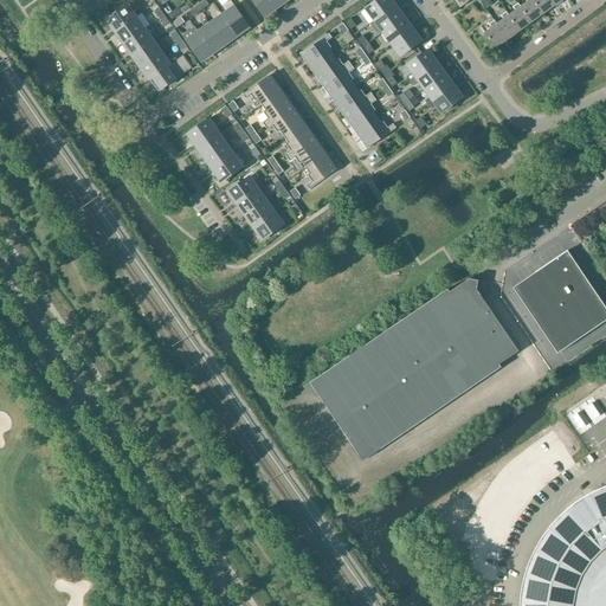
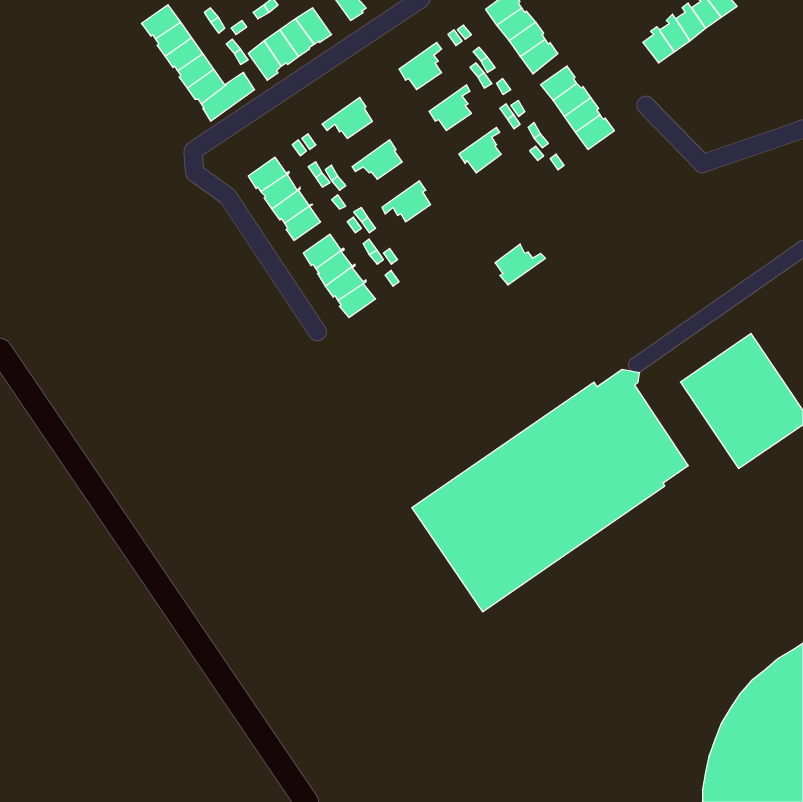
building: [314,54,352,84] -> none
building: [336,85,374,116] -> none
building: [262,91,294,125] -> none
building: [359,116,397,147] -> [495,244,545,285]
building: [284,122,316,156] -> none
building: [305,154,339,188] -> none

